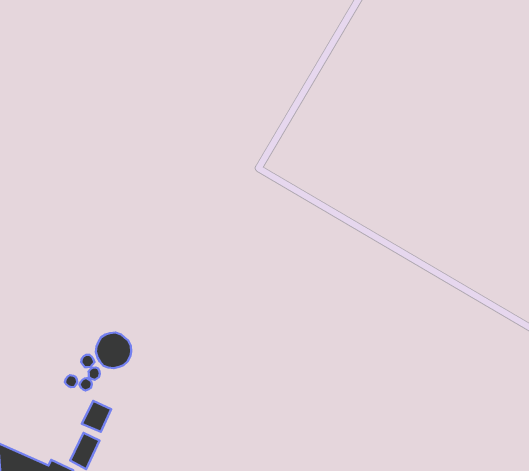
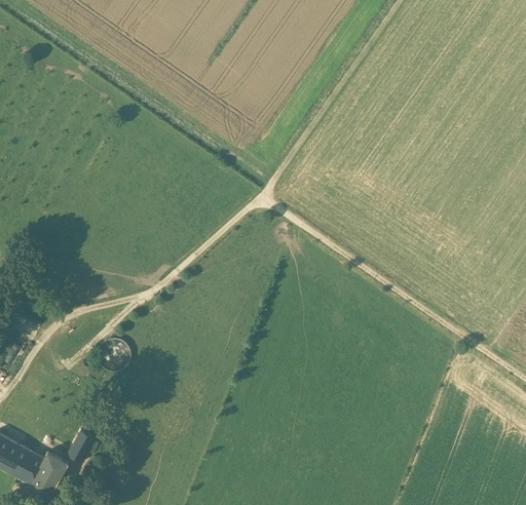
building: [82,401,111,432] -> none

